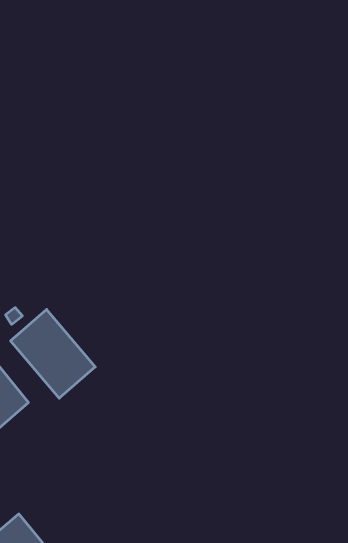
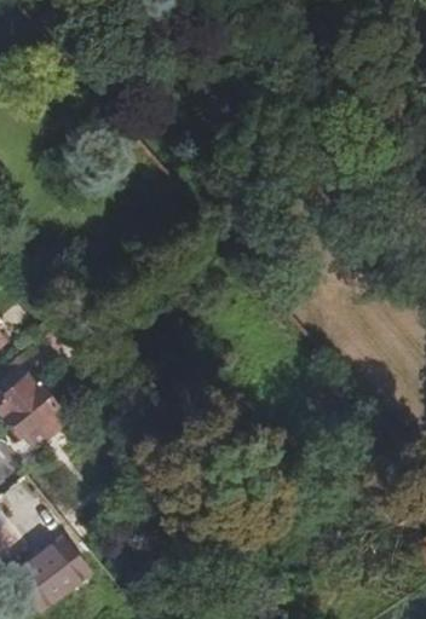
building: [11,309,95,398] -> none

